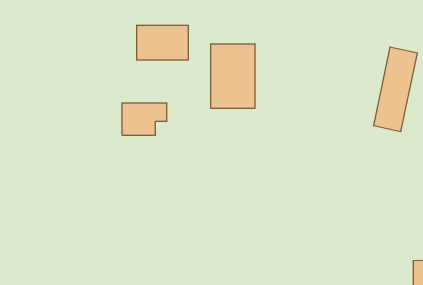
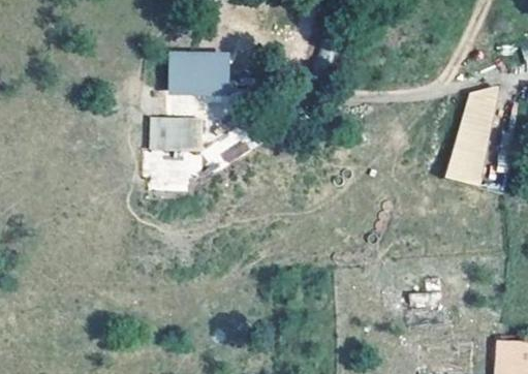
building: [211,44,255,108] -> none
building: none -> [150,114,201,147]

